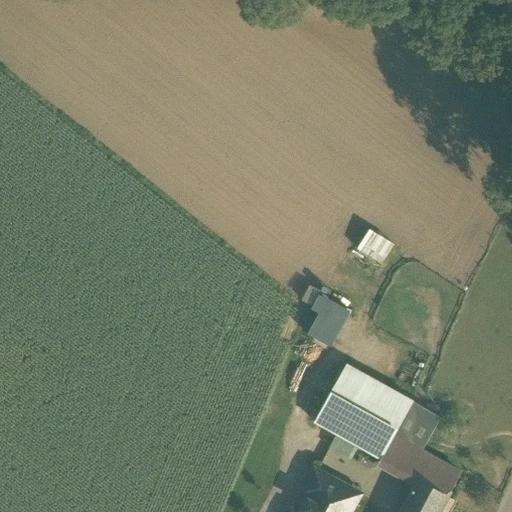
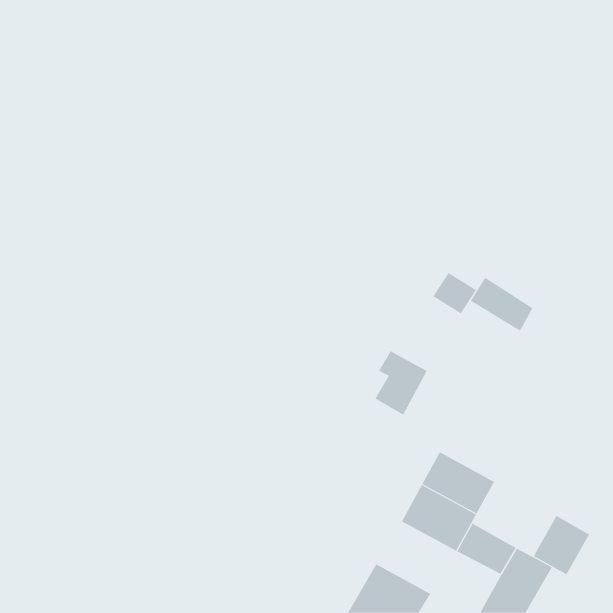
building: none -> [470,277,533,332]
building: [312,364,365,433] -> none
building: [392,400,439,450] -> [533,515,590,575]

